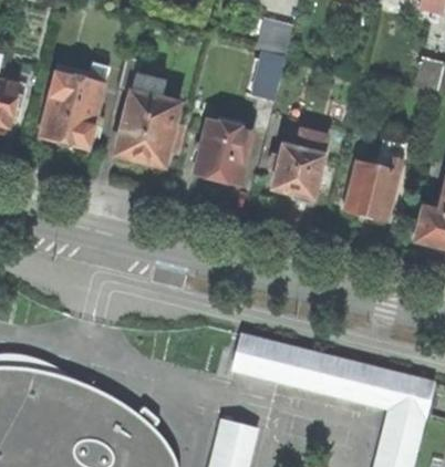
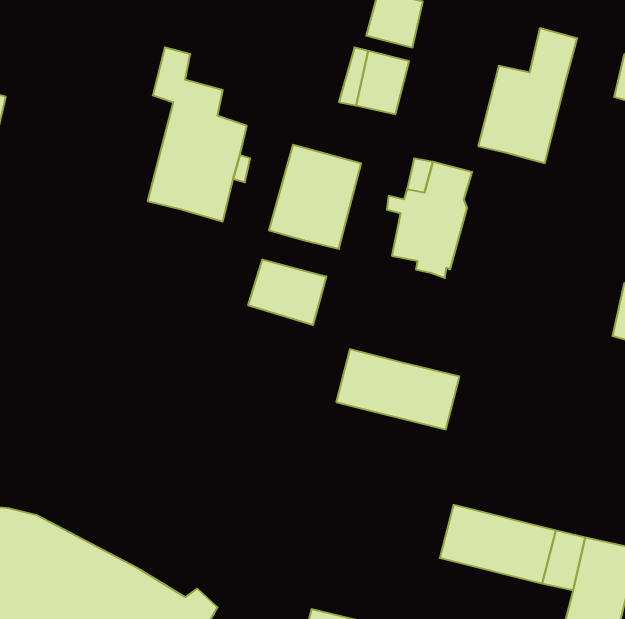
building: [39,72,103,148] -> none
building: [342,136,406,224] -> [478,28,577,163]
building: none -> [248,259,326,325]
building: [232,334,312,386] -> [336,349,459,429]

